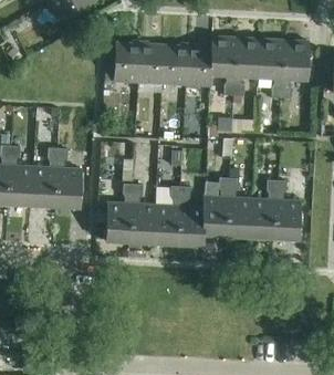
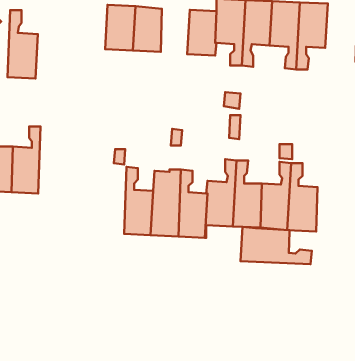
building: [164,45,189,85] -> none
building: [56,148,83,208] -> [8,10,38,79]
building: [107,184,134,242] -> none
building: none -> [241,227,312,264]

